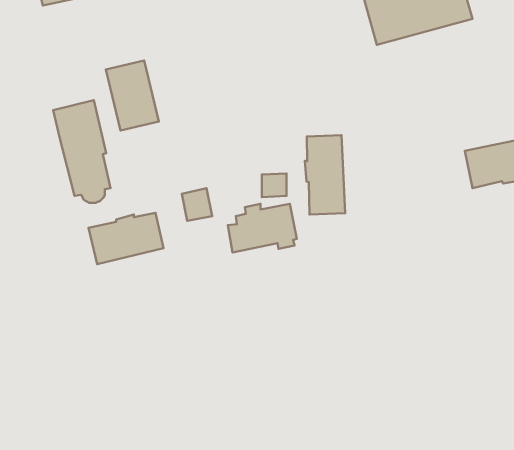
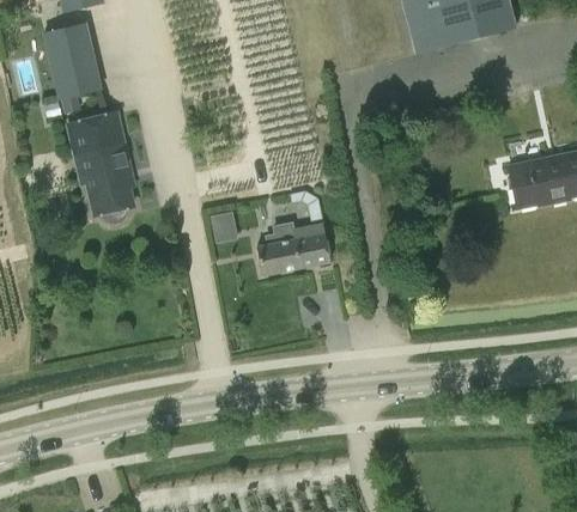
building: [106,61,159,131] -> [44,24,101,98]
building: [305,135,345,214] -> none
building: [89,213,163,264] -> none

